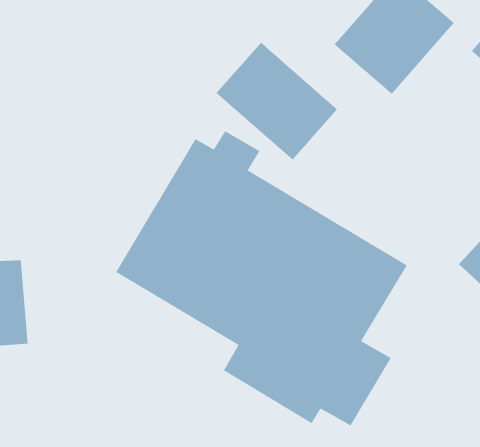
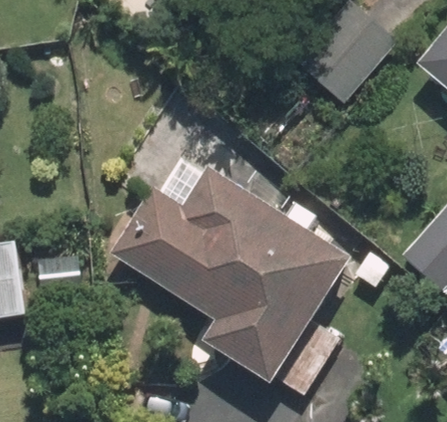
building: [216,42,338,160] -> none

